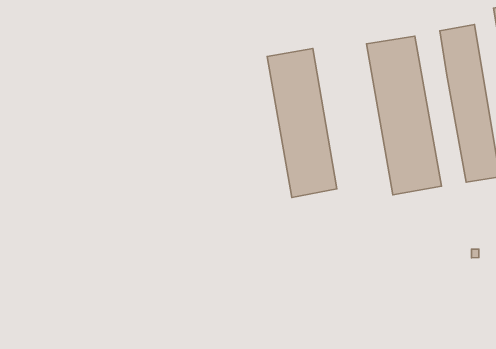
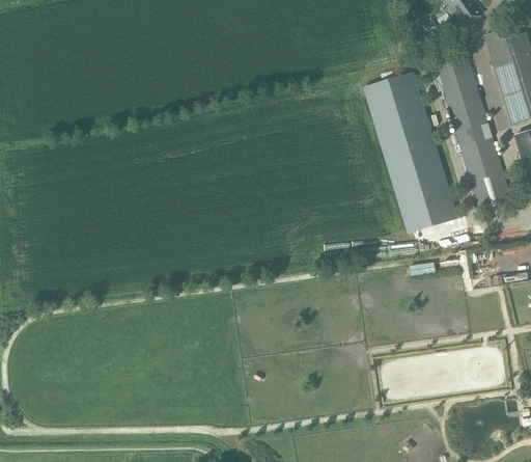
building: [267,49,337,198] -> none

